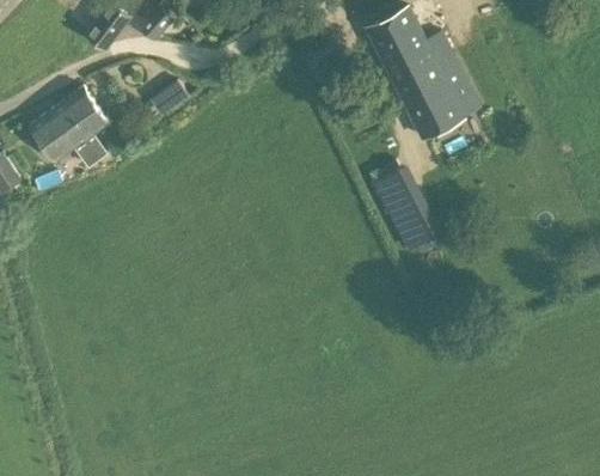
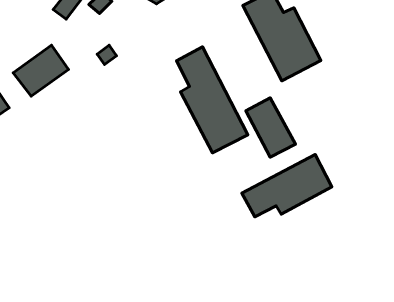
building: none -> [176,47,248,153]
building: none -> [242,155,332,217]

